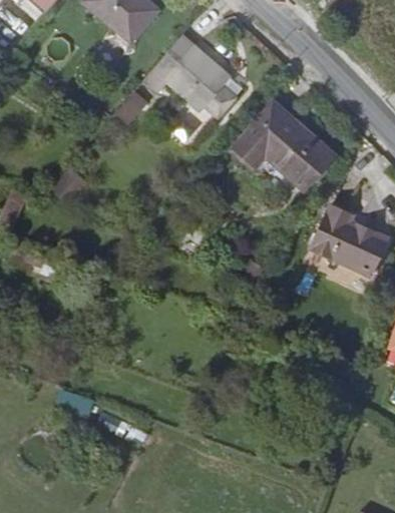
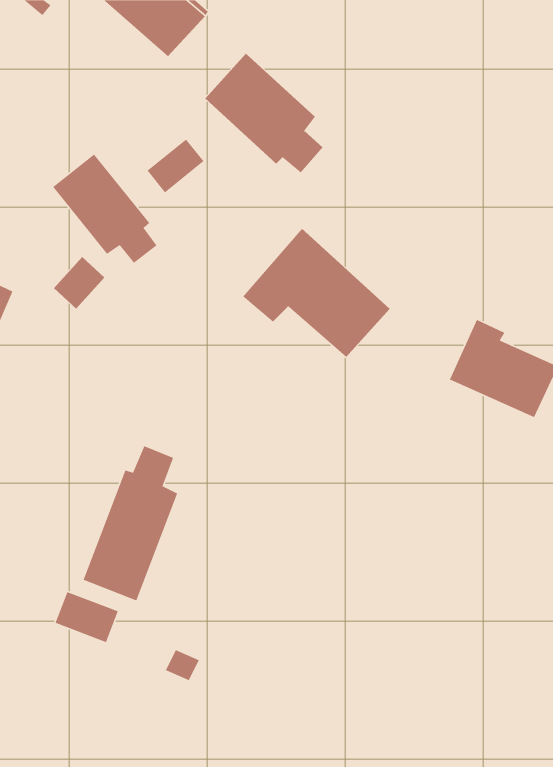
building: none -> [52,153,158,264]
building: [234,101,331,186] -> [242,228,390,358]
building: none -> [83,445,178,602]

